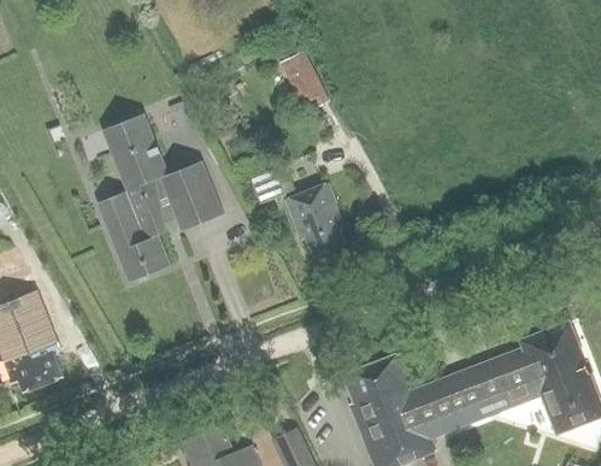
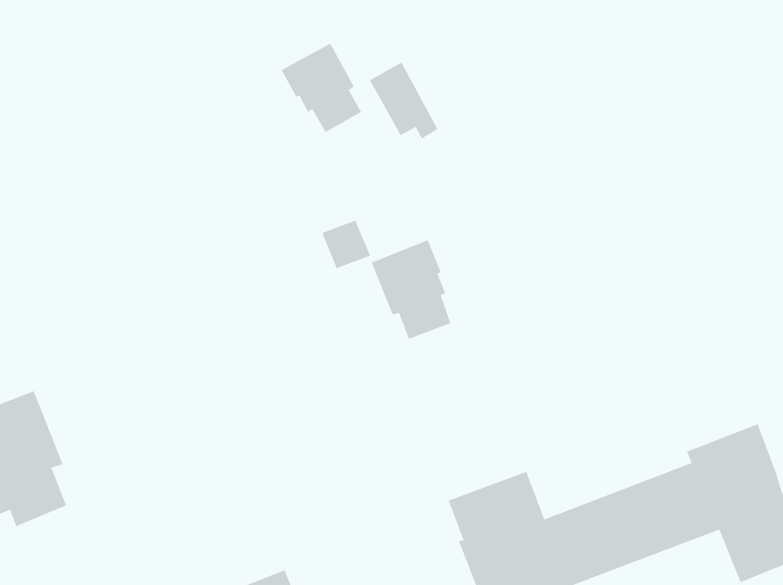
building: none -> [281,43,362,133]
building: [96,113,224,283] -> none

